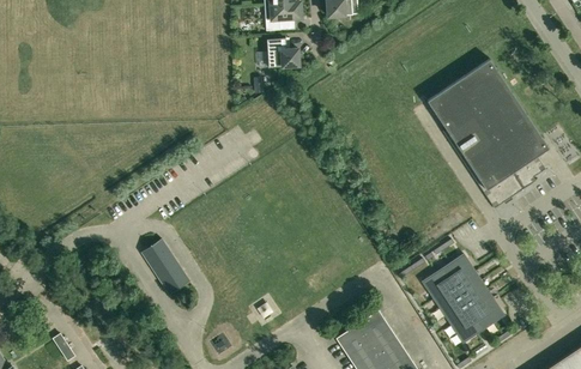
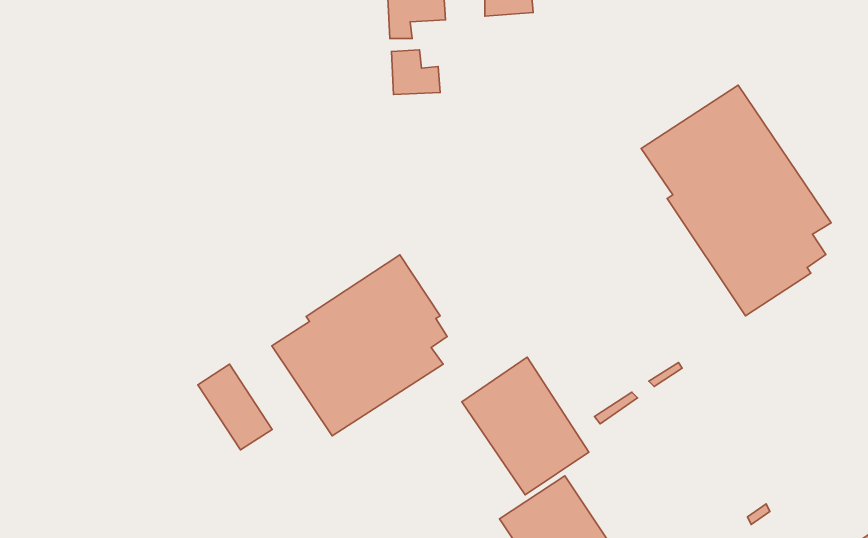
building: none -> [272,255,447,436]
building: [422,254,503,343] -> [462,357,589,495]

